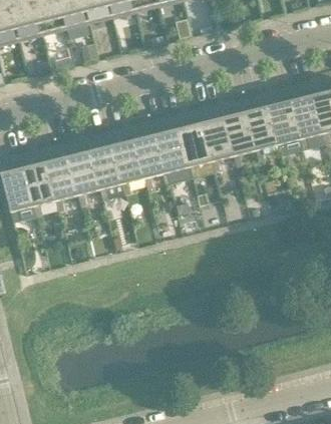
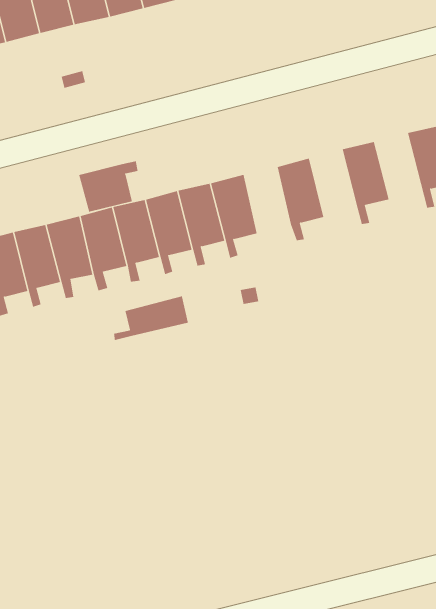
building: [268,99,303,156] -> none
building: [224,110,256,167] -> none
building: none -> [79,161,138,213]
building: [180,122,211,178] -> none
building: none -> [113,296,189,341]

